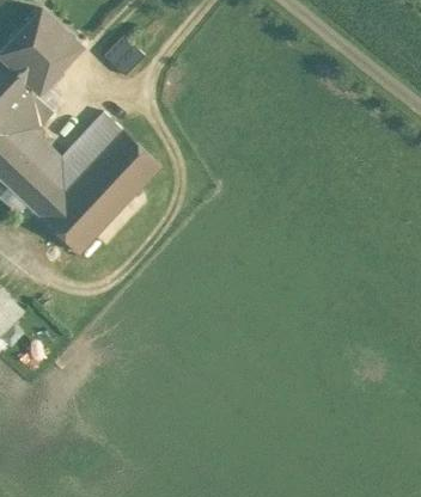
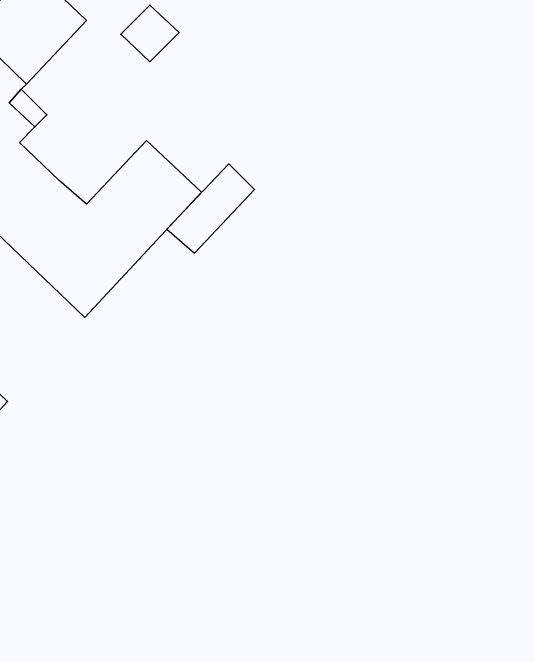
building: [61,112,122,174] -> [167,164,254,253]

